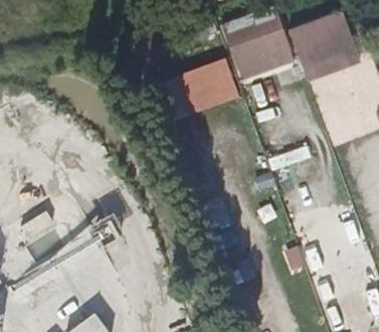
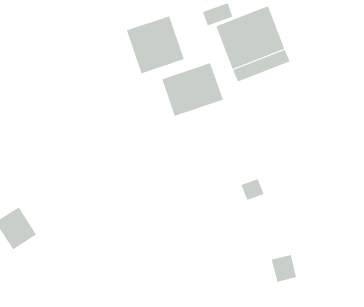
building: [290,6,360,77] -> none
building: none -> [126,16,185,74]

